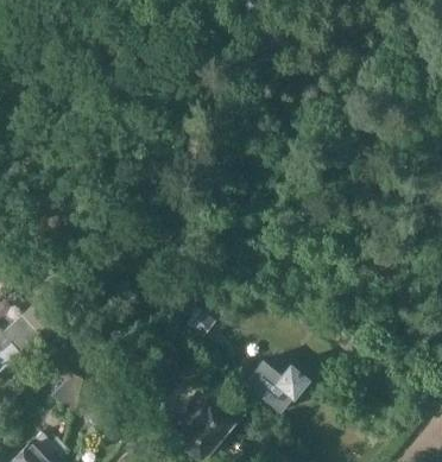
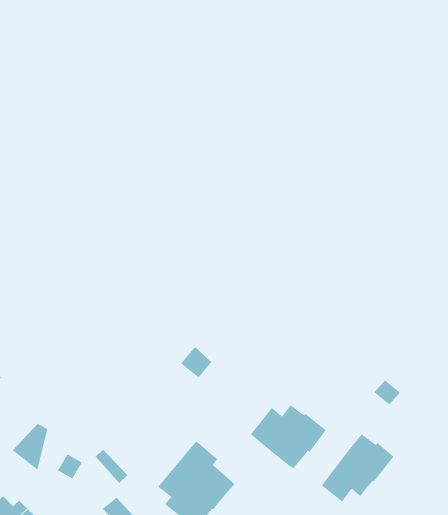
building: none -> [321,433,395,503]

